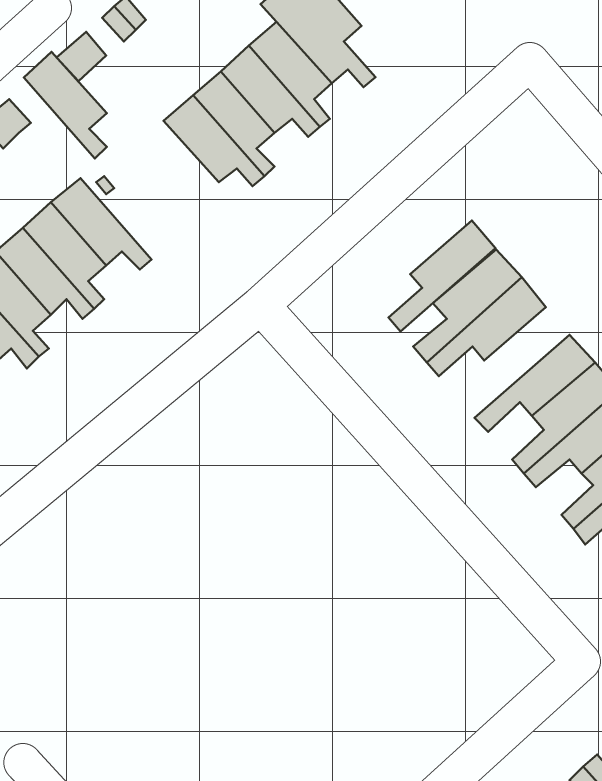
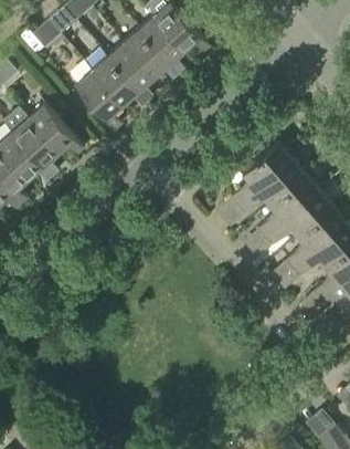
building: [24,52,107,159] -> [76,71,123,130]
building: [389,221,495,331] -> [258,175,318,237]

